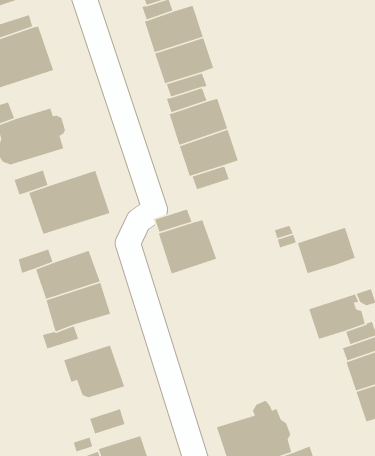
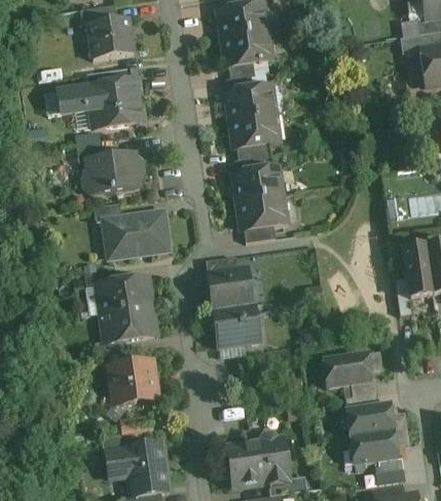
building: [297,227,356,274] -> none
building: none -> [212,302,260,345]

